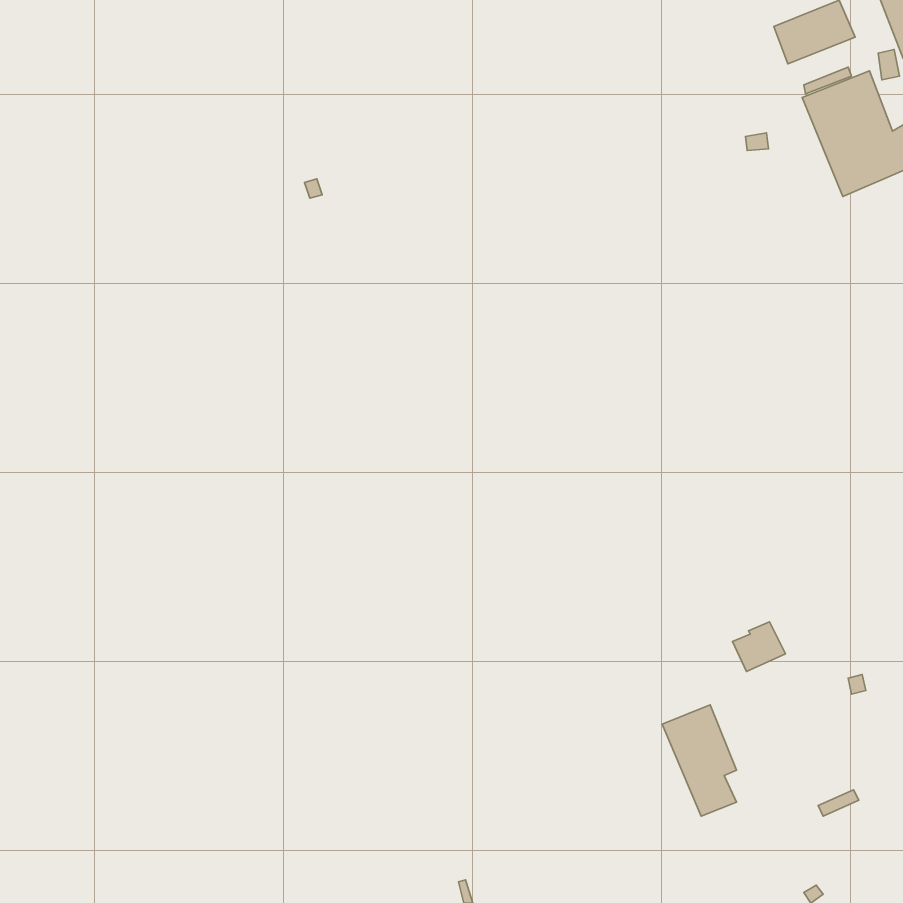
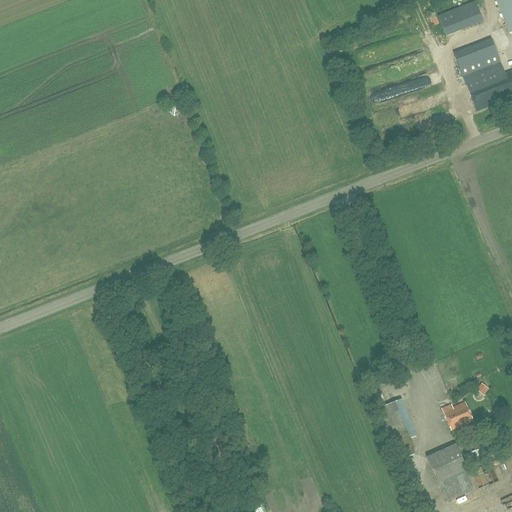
building: [732,622,786,671] -> [444,402,474,430]
building: none -> [427,444,475,501]

